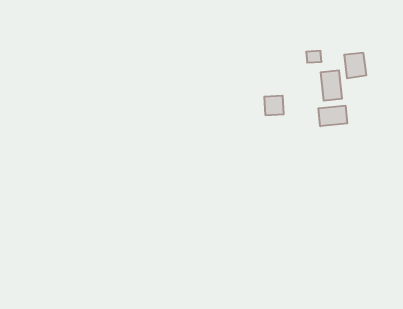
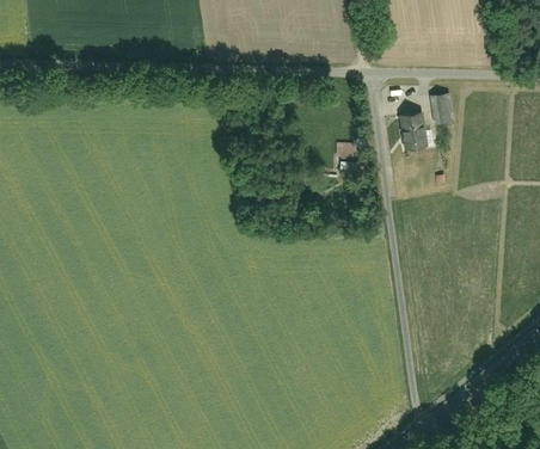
building: [318,106,347,126] -> none

